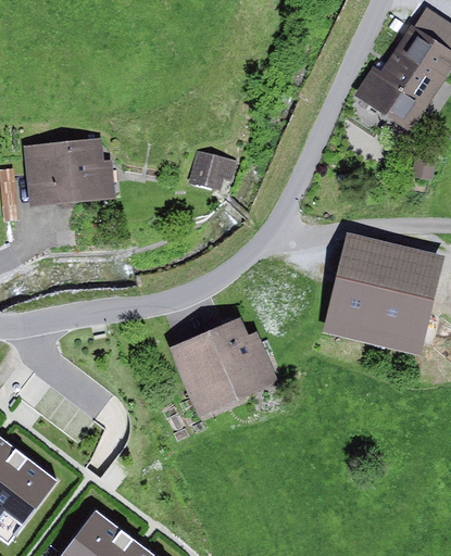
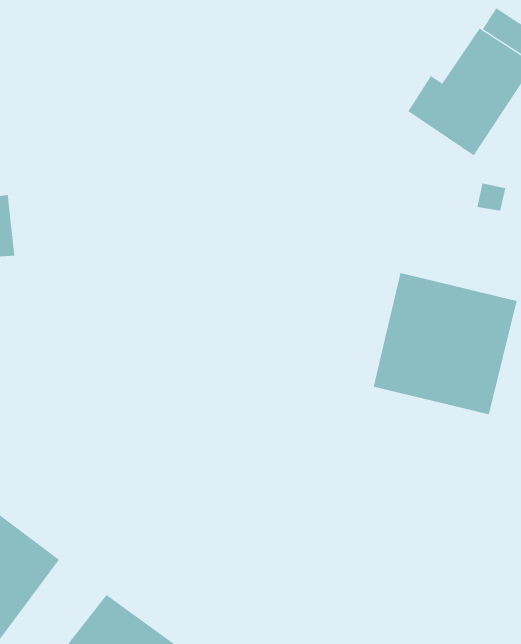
building: [23,140,114,210] -> none
building: [188,151,234,191] -> none
building: [168,316,278,412] -> none

